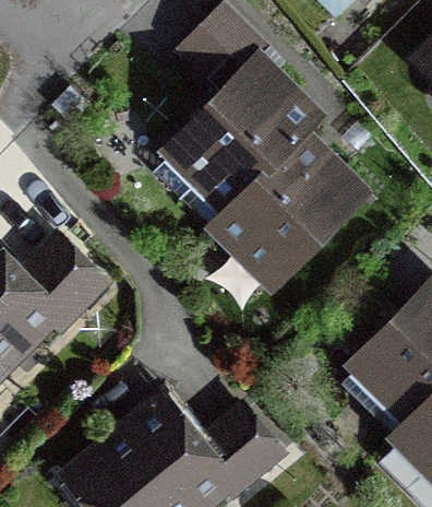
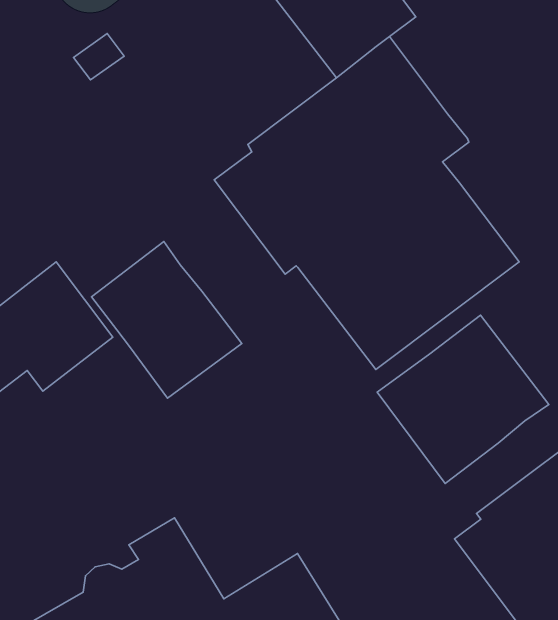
building: none -> [91,242,242,398]
building: none -> [377,315,549,483]

